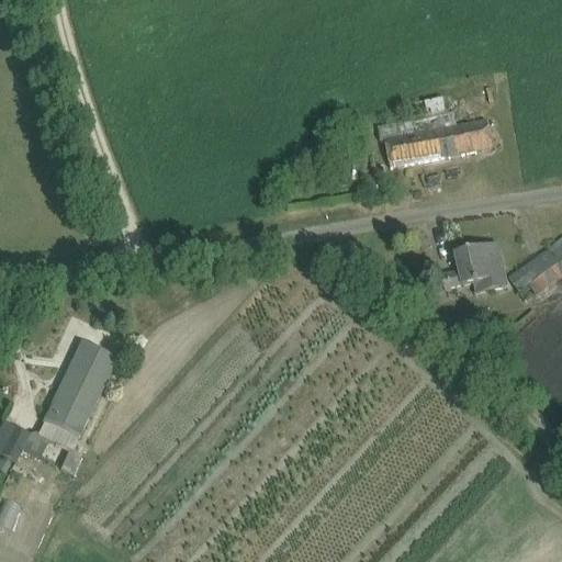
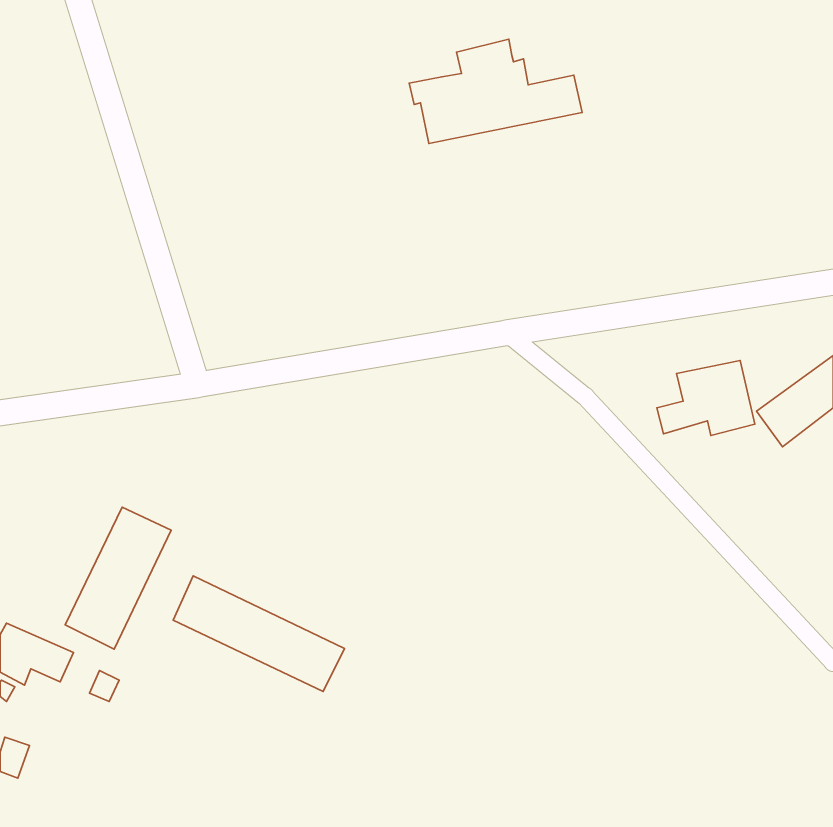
building: [378,97,494,167] -> [409,39,582,144]
building: none -> [173,576,345,691]

